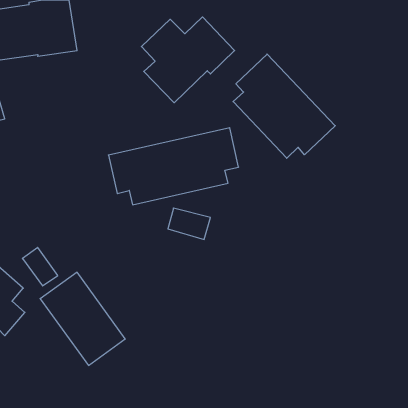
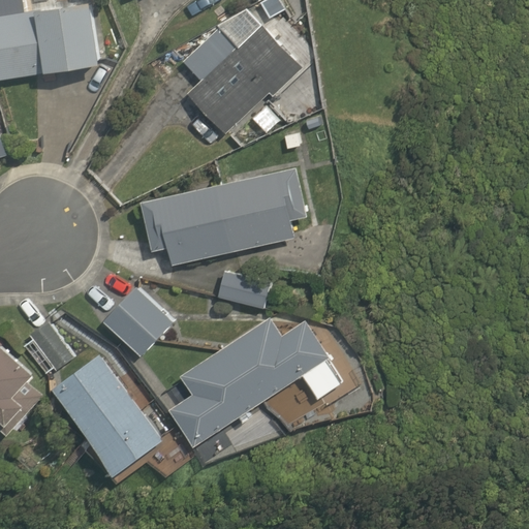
building: [233,54,335,158] -> none
building: none -> [101,288,173,357]
building: none -> [167,318,340,448]

